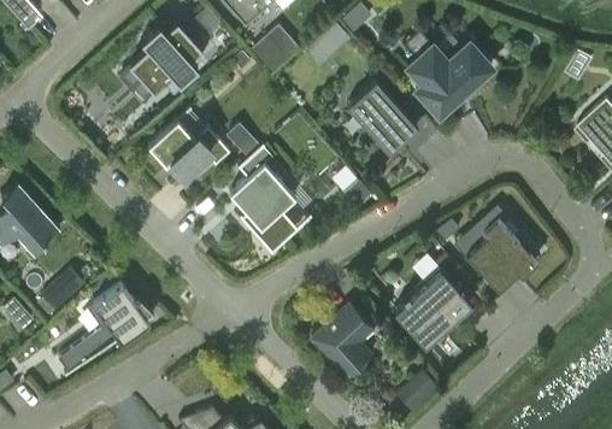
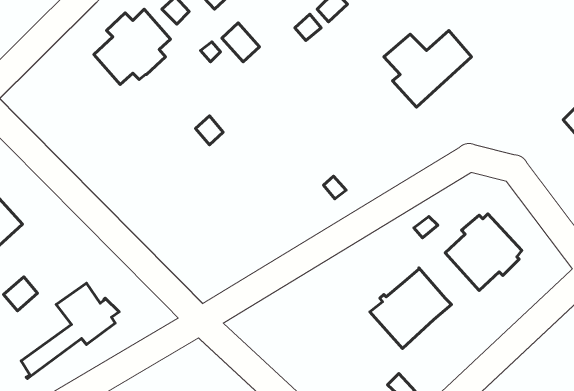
building: [347,82,418,155] -> none
building: [148,122,230,177] -> none
building: [229,164,299,254] -> none
building: [311,305,373,380] -> none

